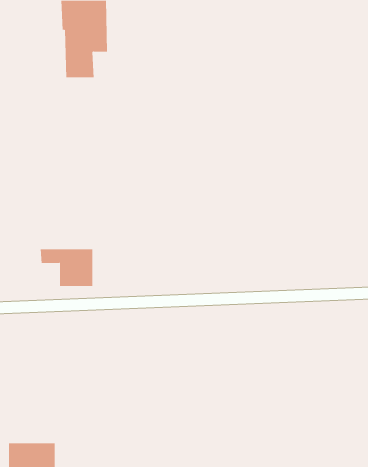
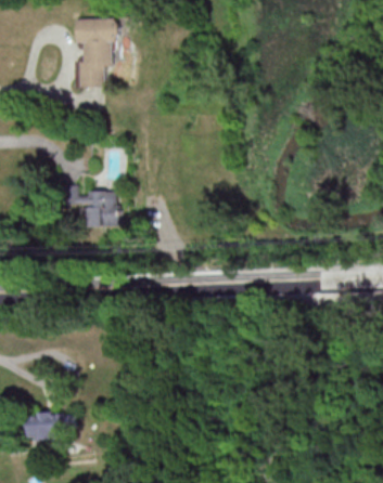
building: [40,249,93,287] -> [71,193,118,226]

